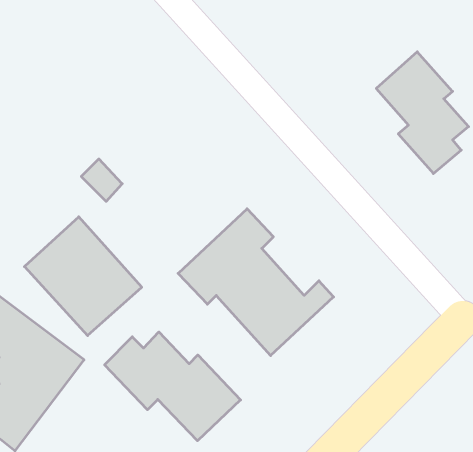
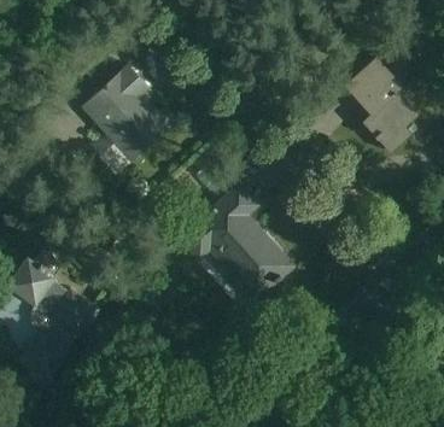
building: [24,217,142,336] -> [83,64,180,162]
building: [105,332,241,441] -> none

